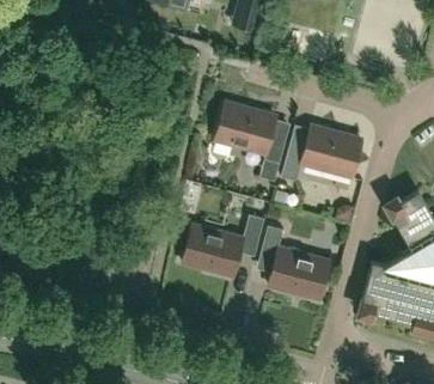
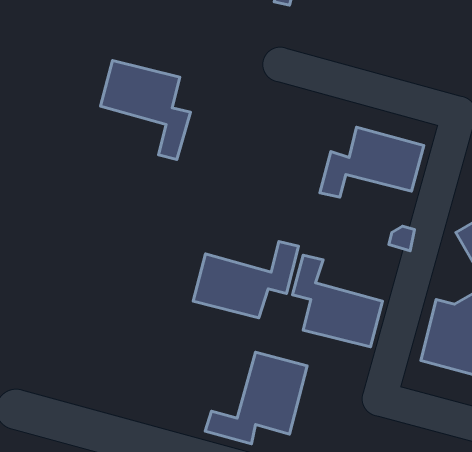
building: [214,103,285,181] -> [100,60,190,160]
building: none -> [205,352,307,444]

